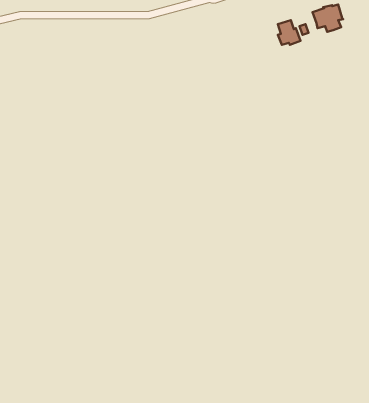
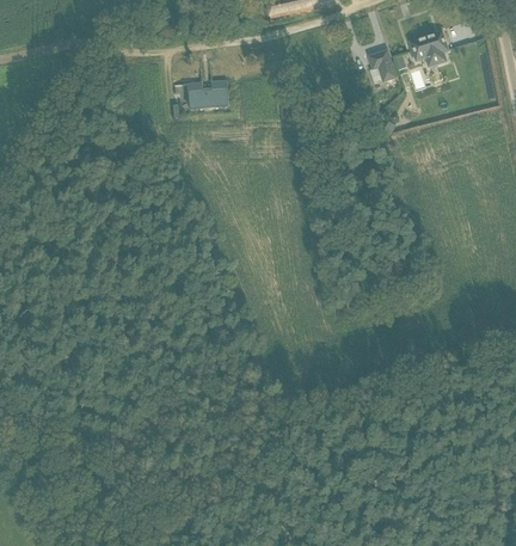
building: none -> [190,88,229,109]

